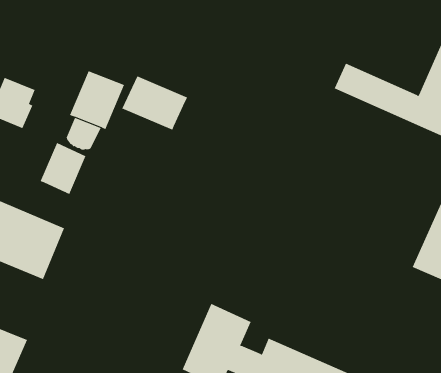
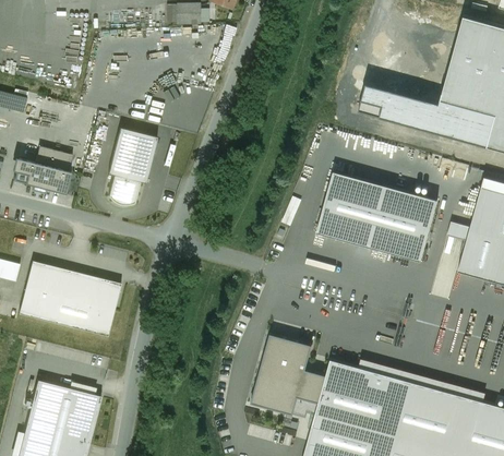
building: [122,75,188,131] -> none
building: [40,142,86,195] -> none
building: none -> [316,170,437,261]

